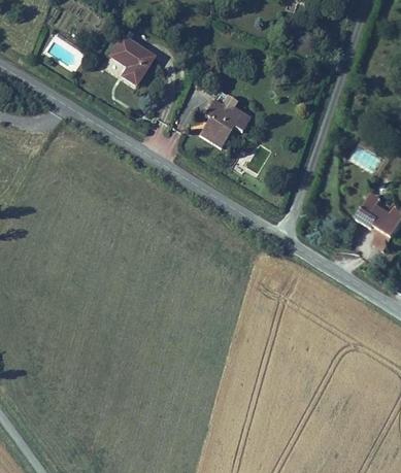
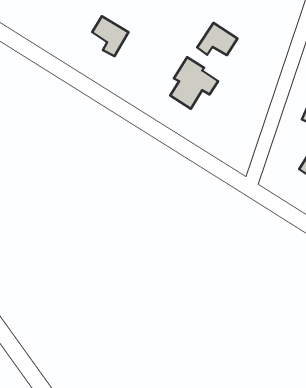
building: none -> [197,23,238,55]

